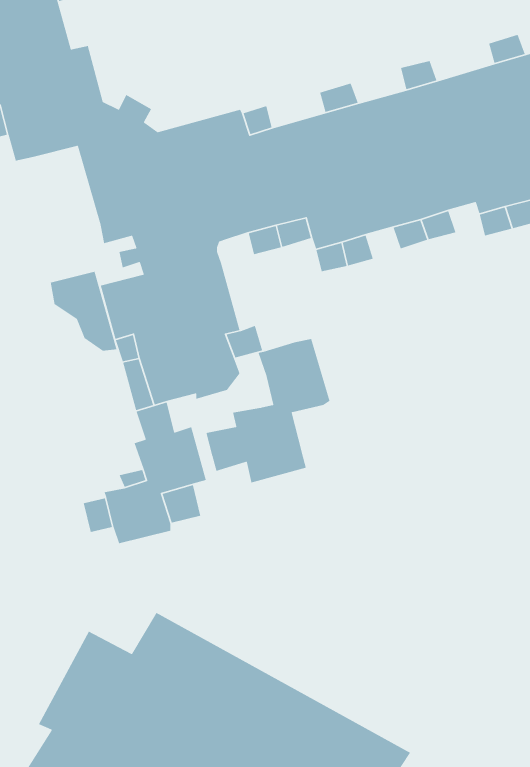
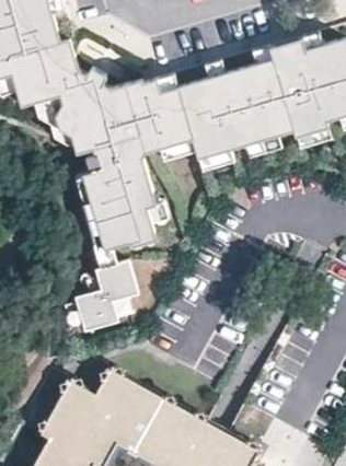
building: [50,271,118,352] -> [35,96,74,143]
building: [205,338,331,483] -> none

